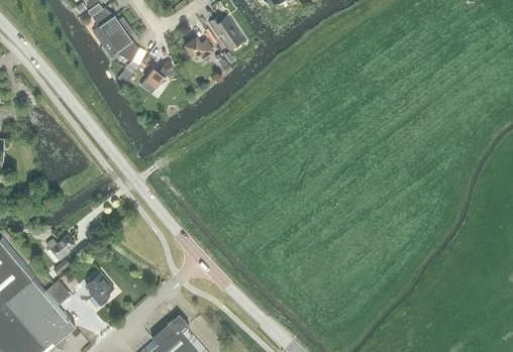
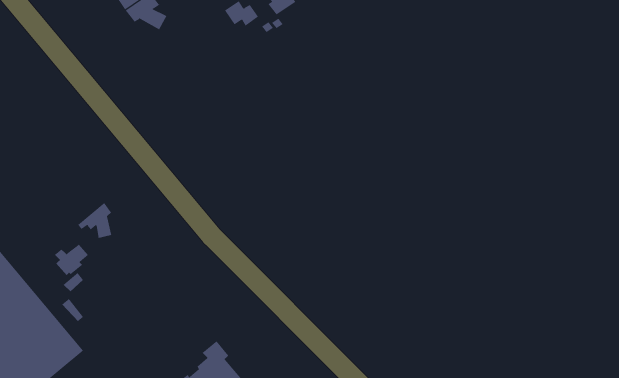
building: [144,62,176,88] -> none
building: none -> [78,202,112,239]
building: [86,272,114,306] -> none

